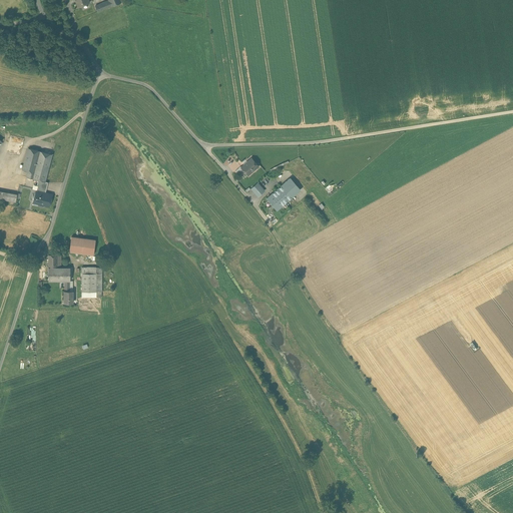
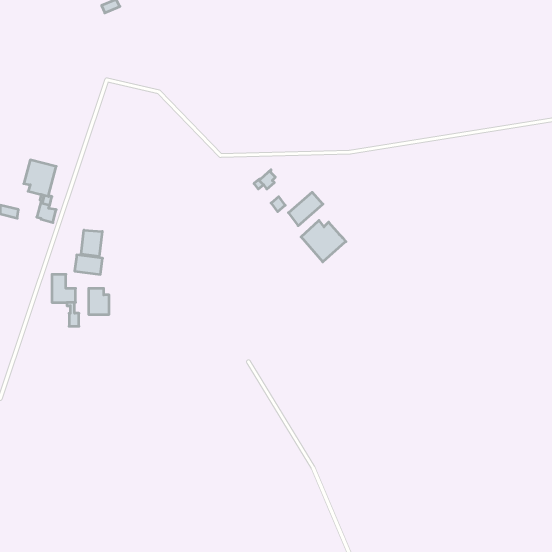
building: none -> [301,220,346,262]
building: none -> [81,230,102,257]

